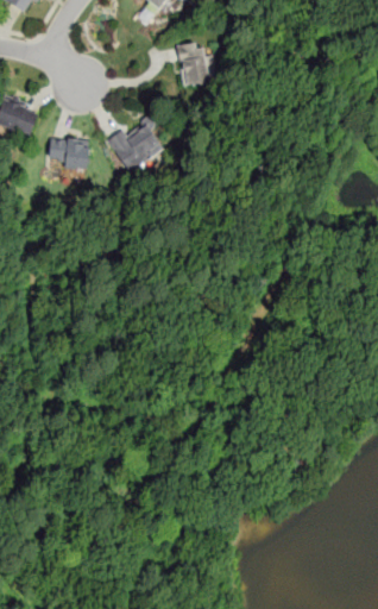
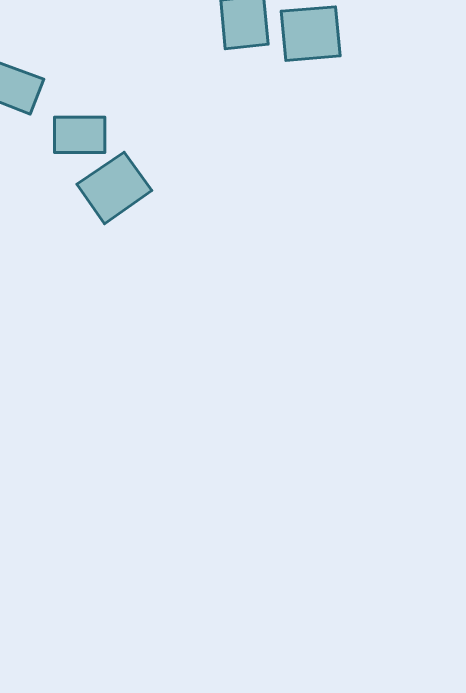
building: none -> [281,7,340,61]
building: [108,118,166,174] -> [77,152,152,224]

